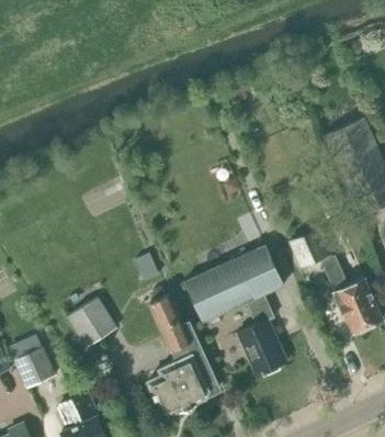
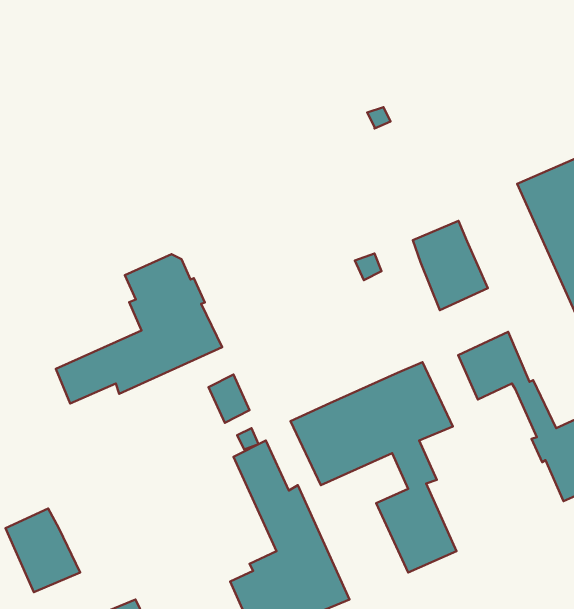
building: none -> [413,221,488,310]
building: none -> [56,254,222,403]
building: [67,298,116,347] -> none

